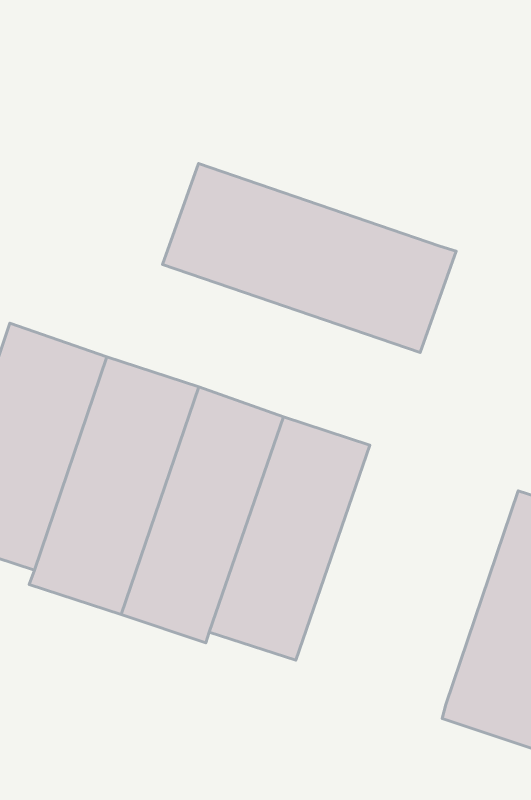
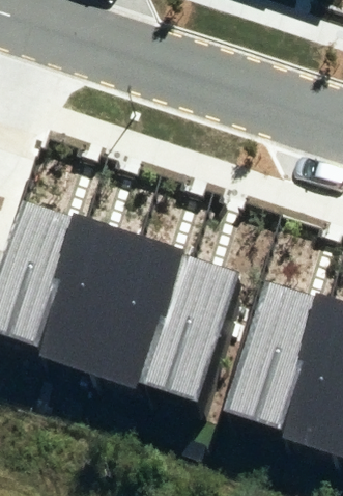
building: [163,163,456,352] -> none
building: none -> [225,281,324,426]

